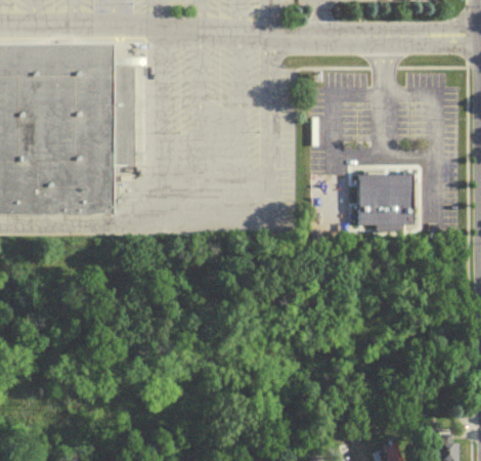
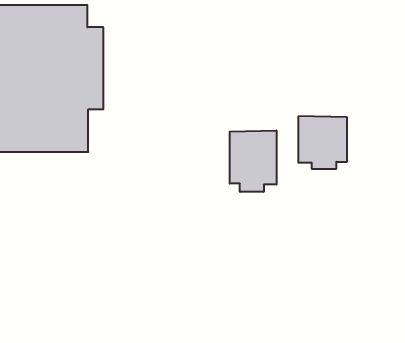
building: none -> [230,130,276,192]

